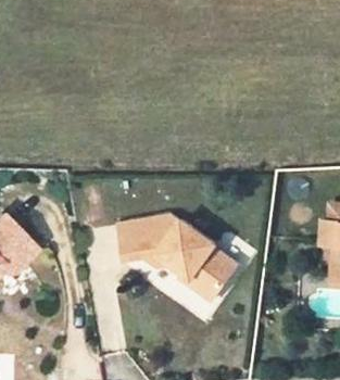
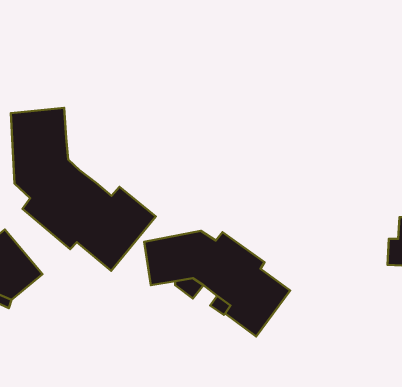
building: none -> [11,108,156,271]

